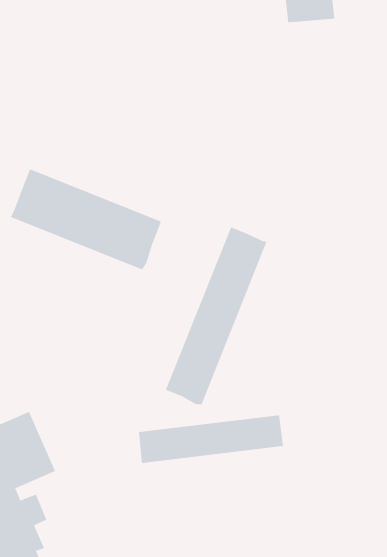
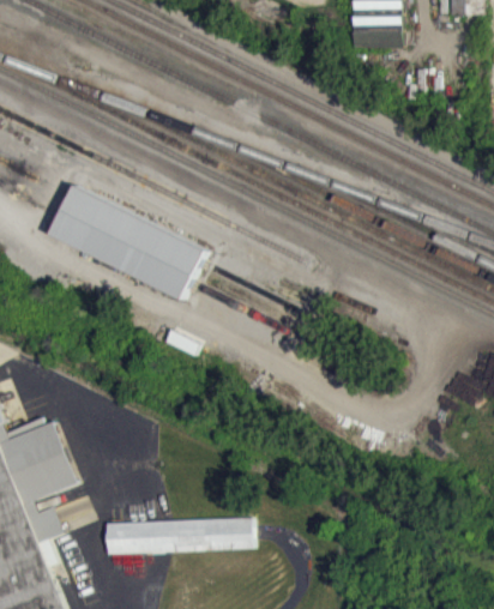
building: [165,227,267,405] -> none
building: [138,415,284,463] -> [103,519,251,556]

